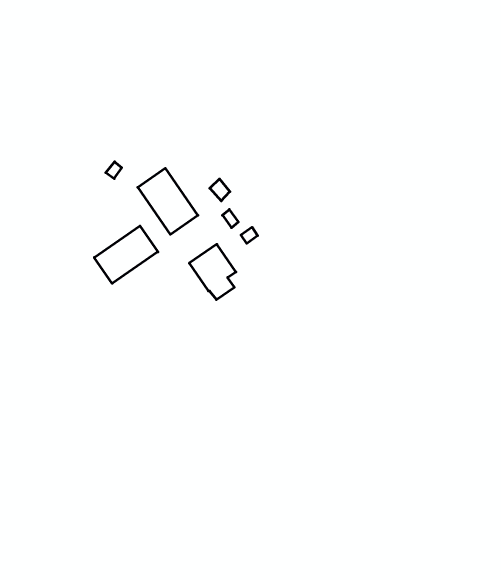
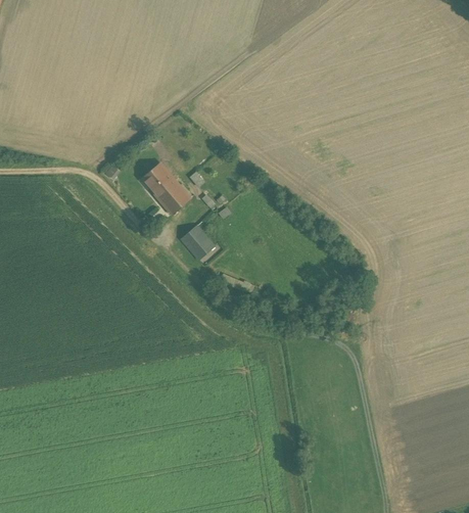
building: [94,226,158,283] -> none

